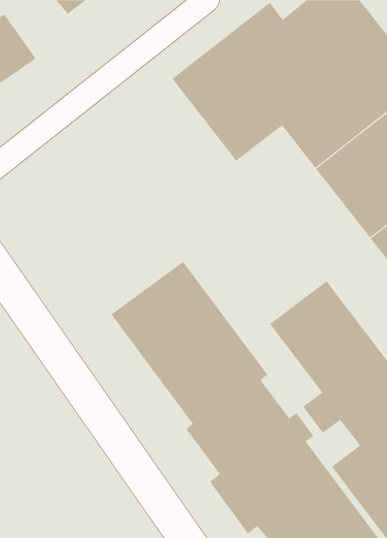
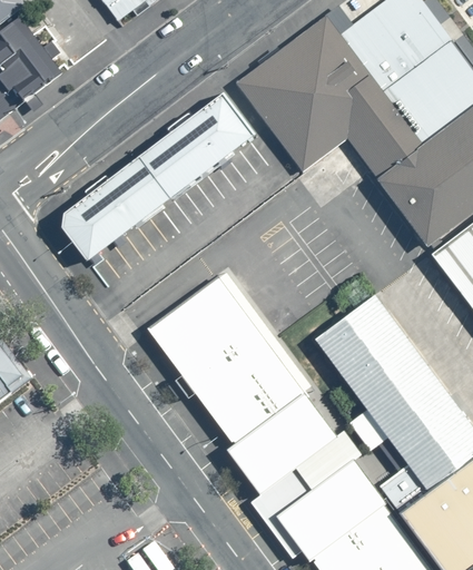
building: none -> [50,95,245,259]

